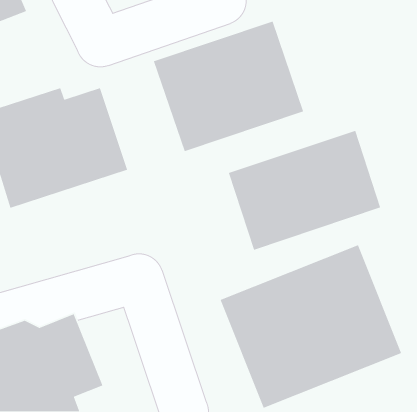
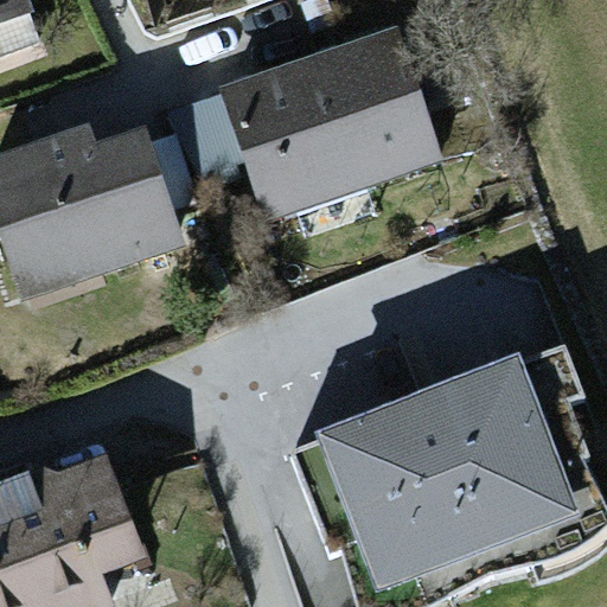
building: [228,130,381,251] -> none

